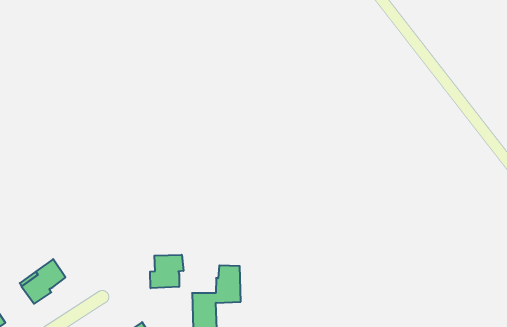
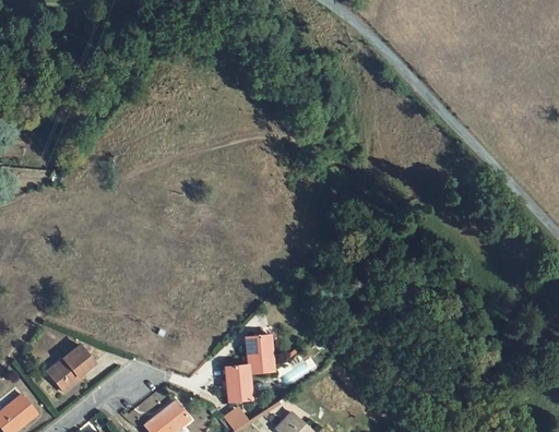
building: [150,255,183,288] -> none

